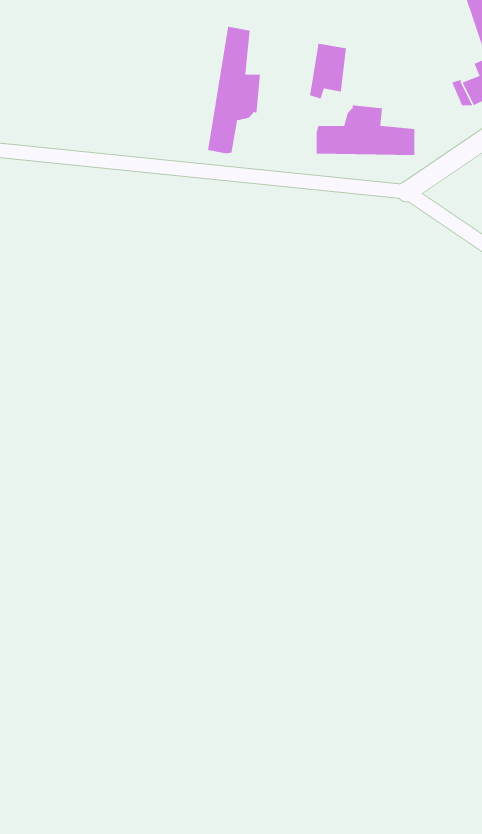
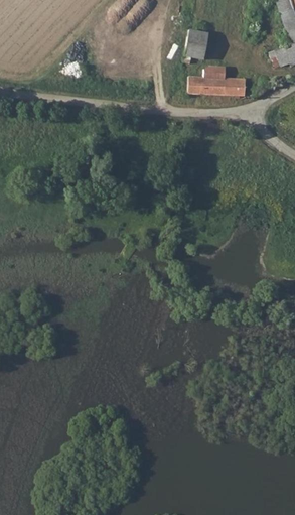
building: [207,26,261,154] -> none

